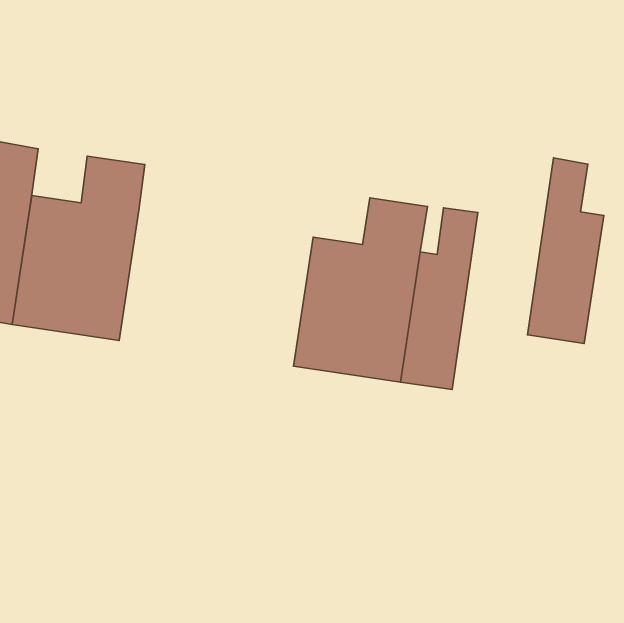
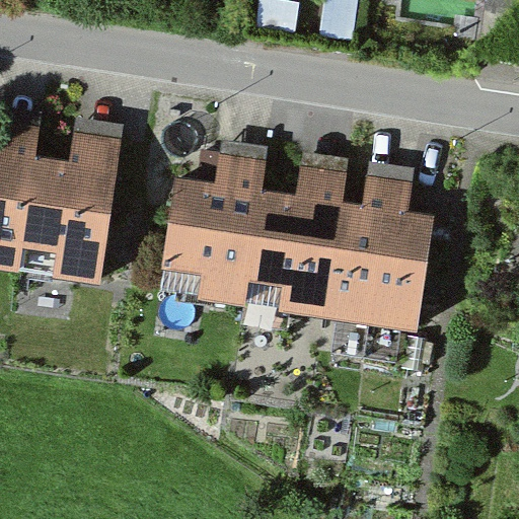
building: [528,158,604,343] -> [373,175,436,328]
building: none -> [154,150,265,302]

